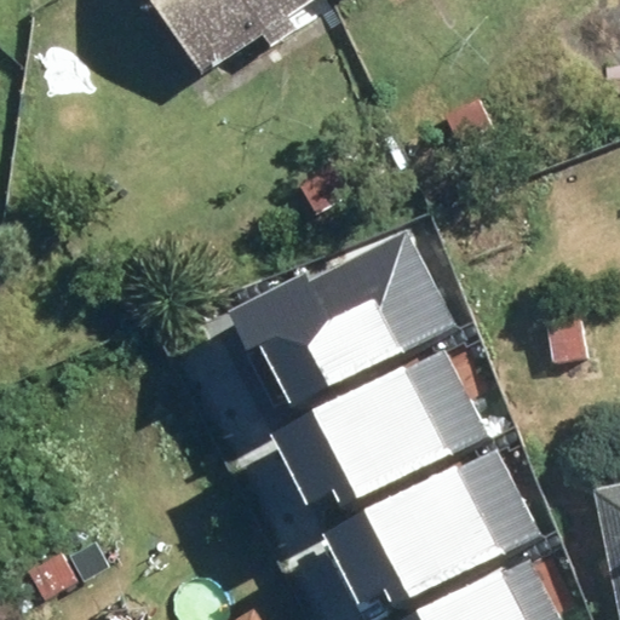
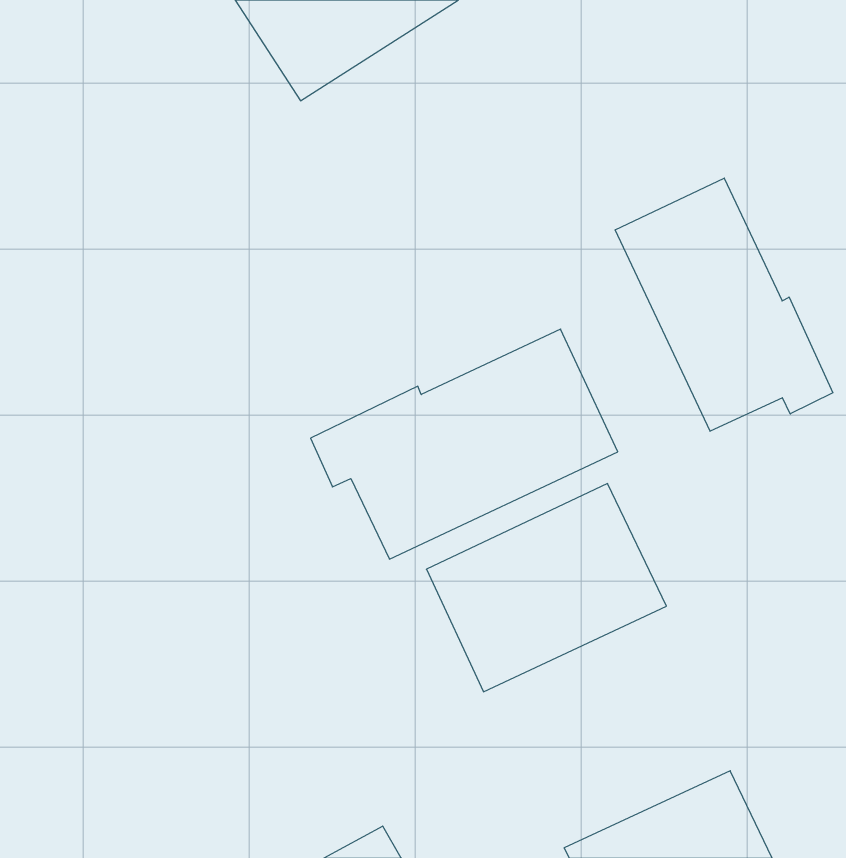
building: none -> [615,178,833,431]
building: [355,447,532,601] -> none

